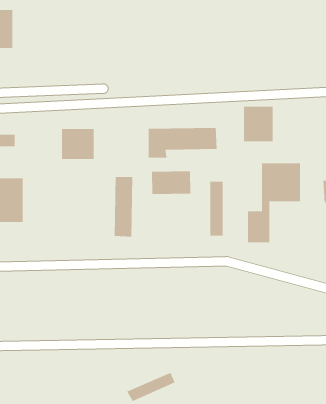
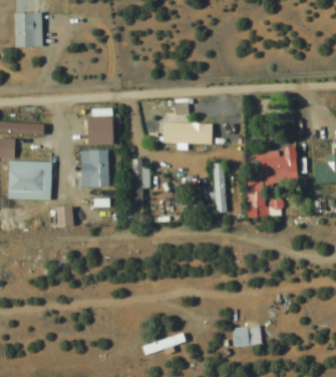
building: [244,106,273,142] -> none
building: none -> [81,148,110,185]
building: [151,171,191,195] -> none
building: none -> [233,326,261,345]

